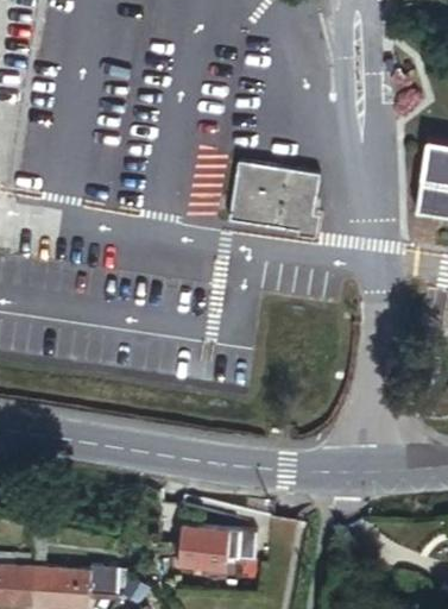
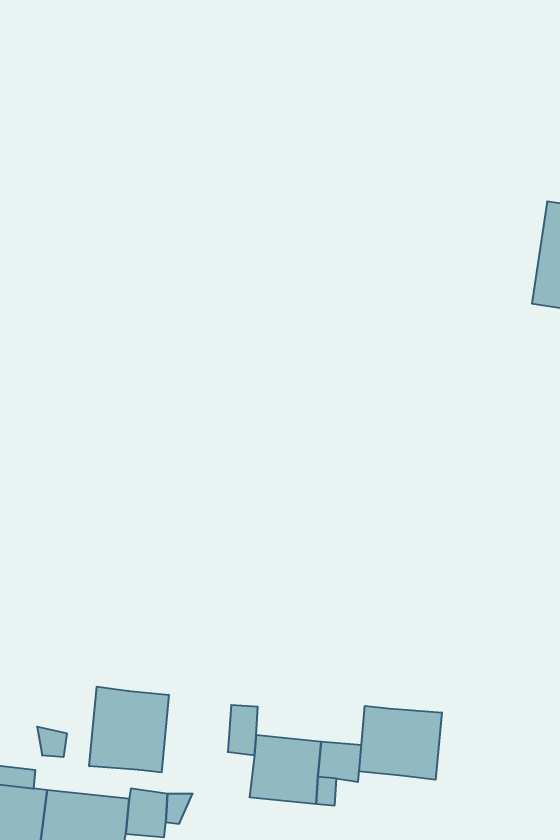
building: [232,165,317,230] -> none
building: none -> [89,687,169,772]
building: none -> [359,706,442,780]

